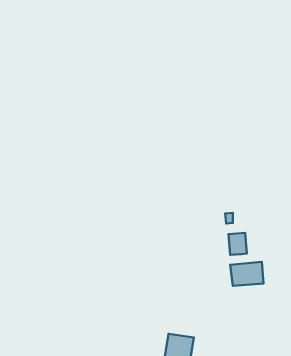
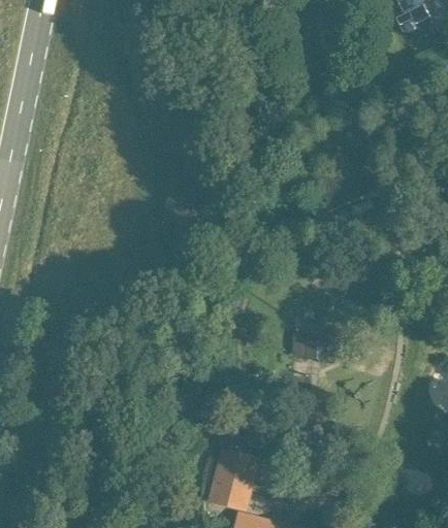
building: [230,262,264,286] -> none

